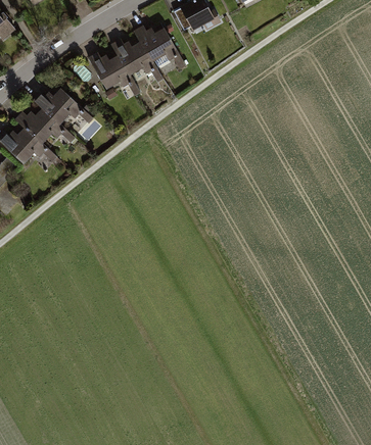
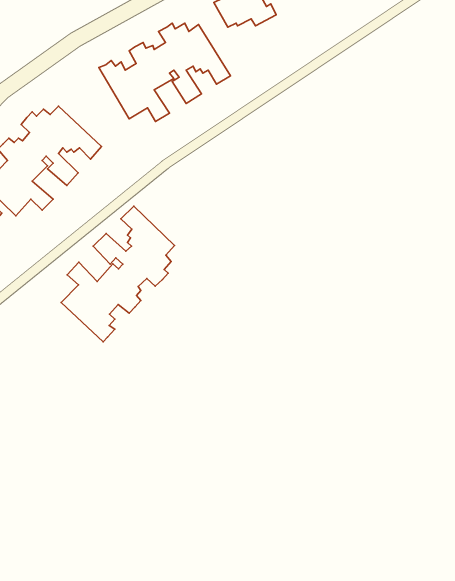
building: none -> [61,206,174,342]

